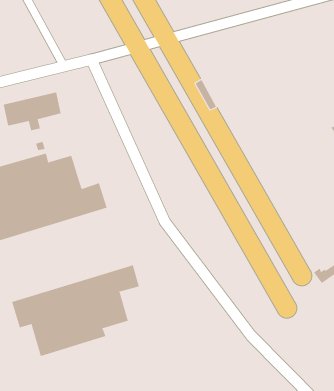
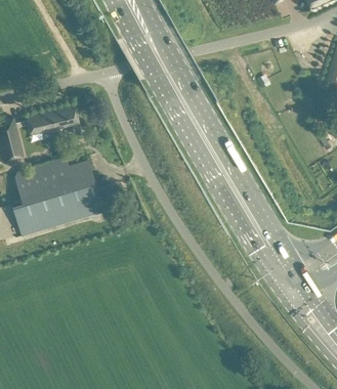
building: [11,265,139,357] -> none

